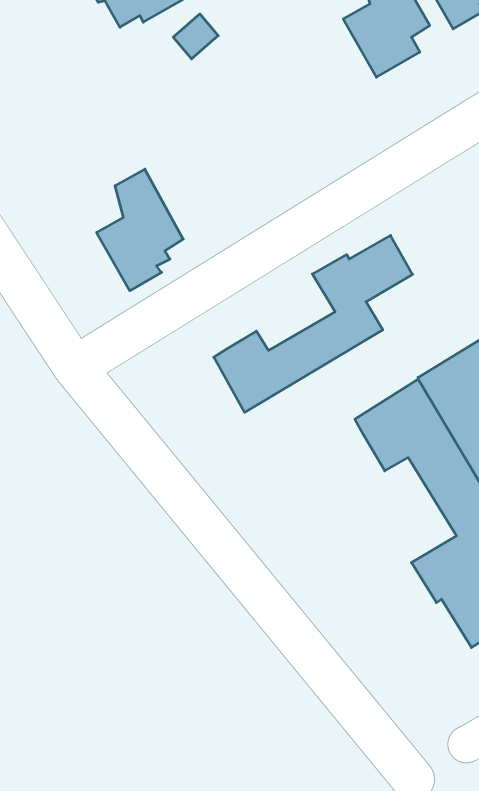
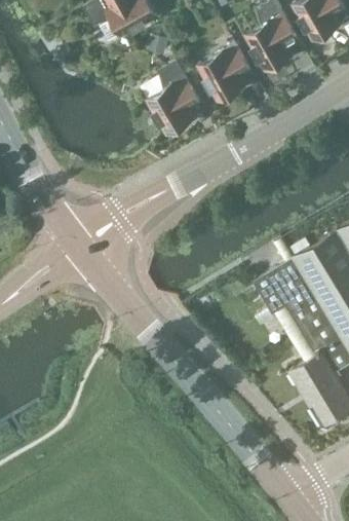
building: none -> [198,45,253,103]
building: [97,169,183,291] -> [148,61,201,136]
building: [214,235,413,412] -> none

